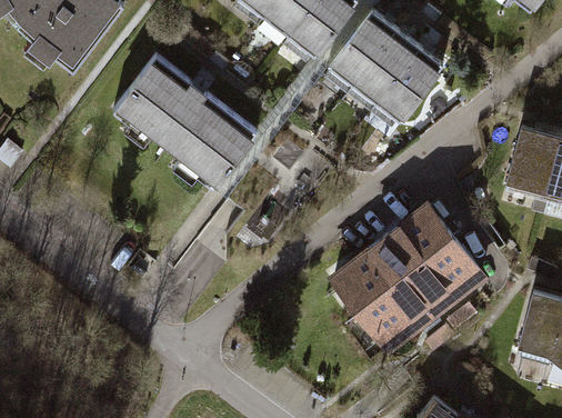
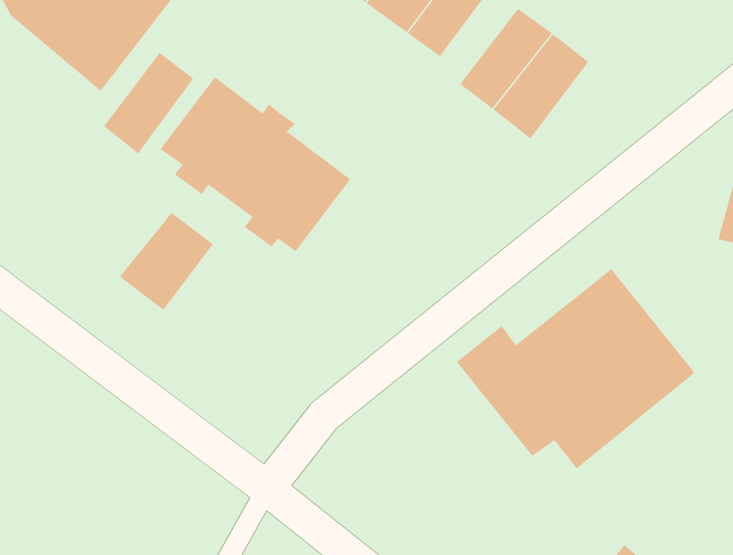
building: none -> [103,52,194,154]
building: [375,56,440,127] -> none
building: none -> [119,212,214,311]

